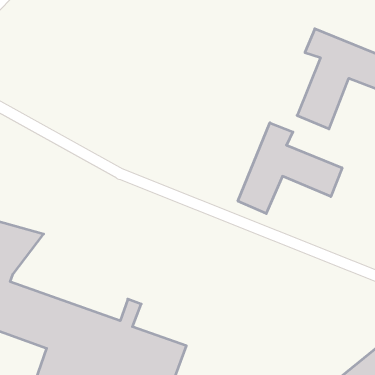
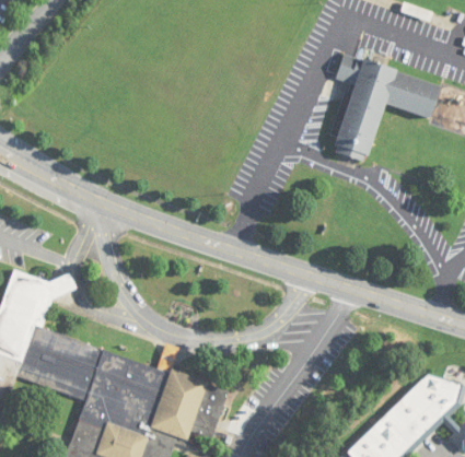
building: [238,123,342,214] -> none

